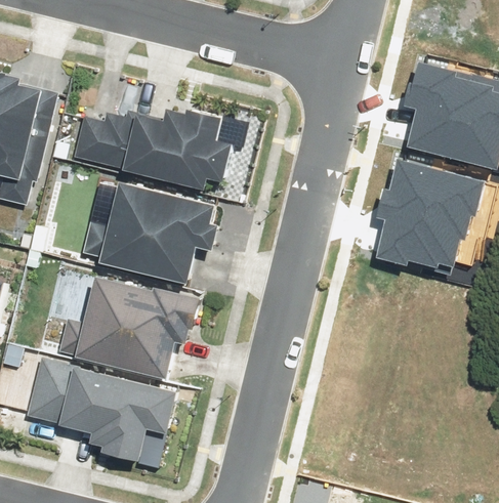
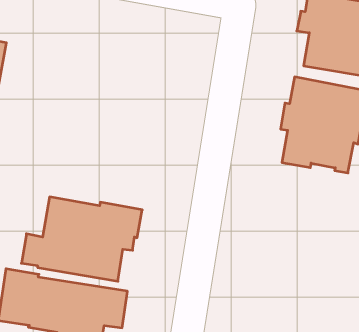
building: [73,110,234,191] -> none
building: [82,182,220,285] -> none

